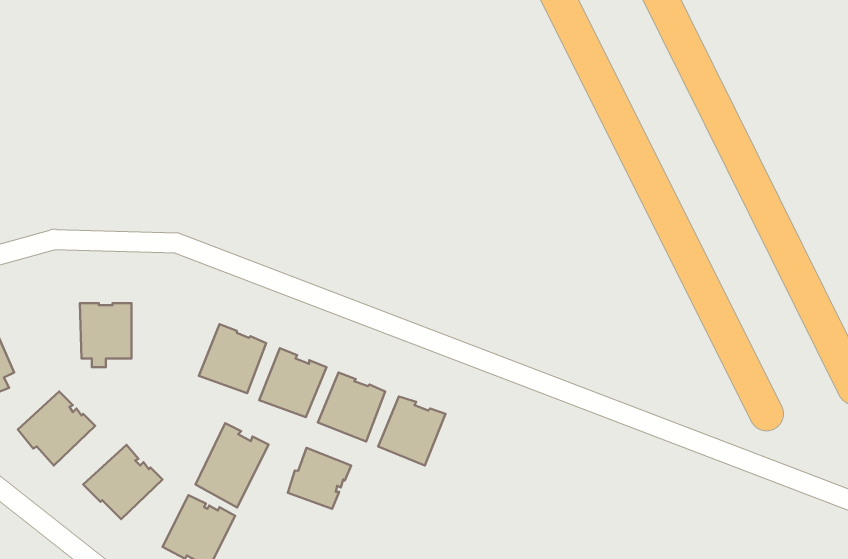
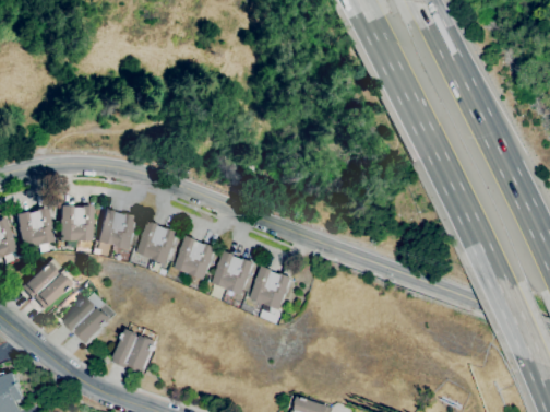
building: none -> [14,209,53,256]
building: none -> [97,209,136,250]
building: [195,423,269,507] -> none
building: [288,448,351,509] -> none

